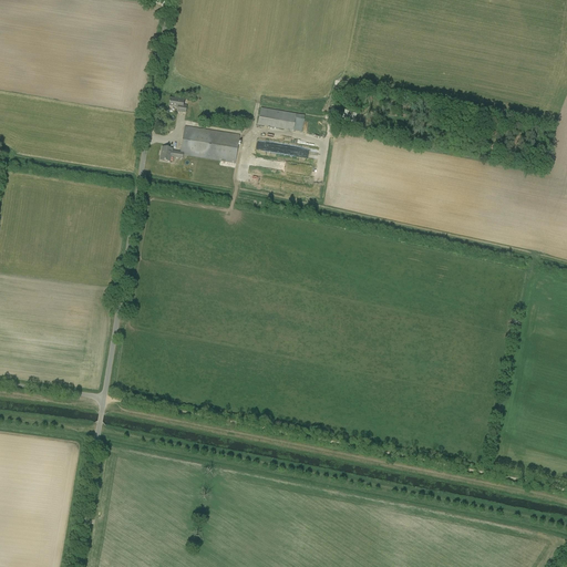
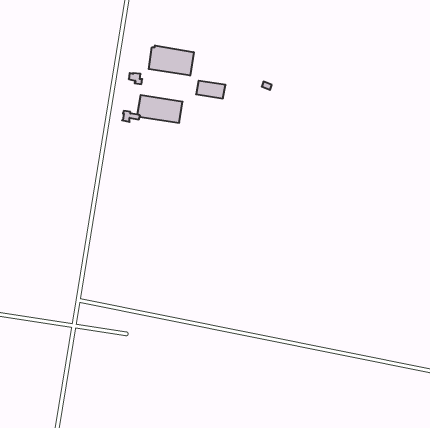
building: none -> [149,45,194,76]

